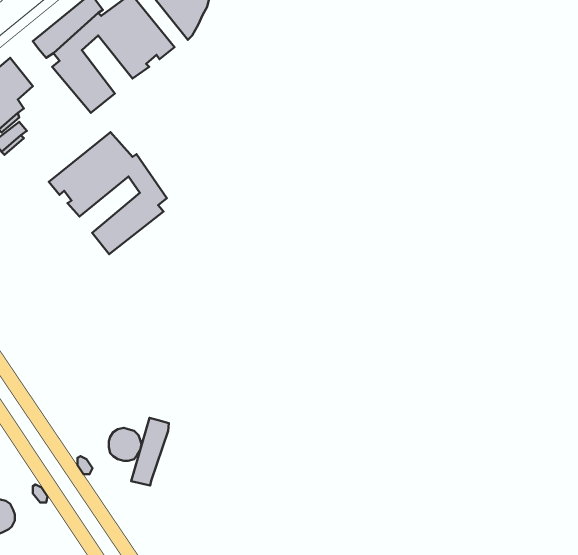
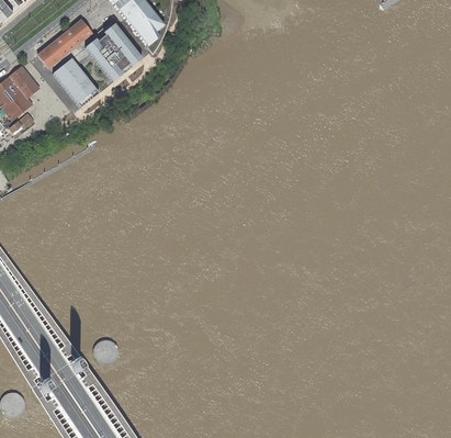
building: [49,132,167,254] -> none
building: [131,418,169,485] -> none

